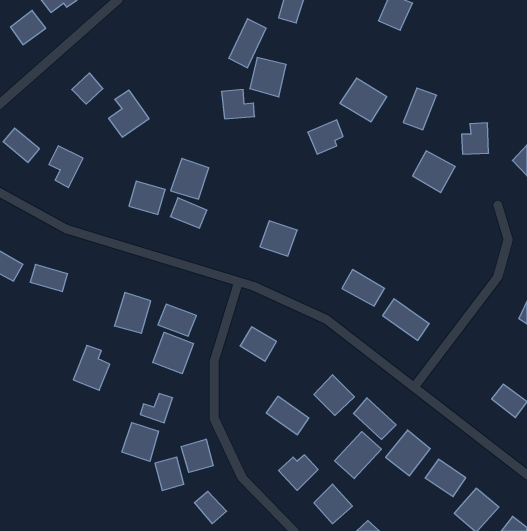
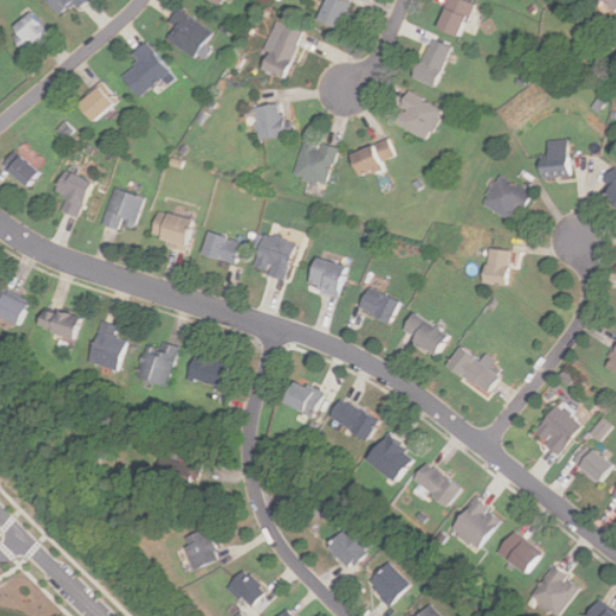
building: none -> [167,7,214,58]
building: [250,57,286,97] -> [296,138,338,184]
building: [403,88,437,130] -> [417,37,456,85]
building: [109,90,149,137] -> [125,41,172,95]
building: [171,158,209,199] -> [248,231,292,278]
building: none -> [101,188,143,229]
building: none -> [490,250,514,284]
building: none -> [354,285,397,322]
building: [153,332,193,374] -> none
building: [73,345,110,390] -> [83,319,125,371]
building: none -> [529,403,579,454]
building: [266,396,309,435] -> [325,396,374,440]
building: [122,423,159,461] -> none
building: [335,432,381,479] -> none
building: [181,439,213,472] -> none

